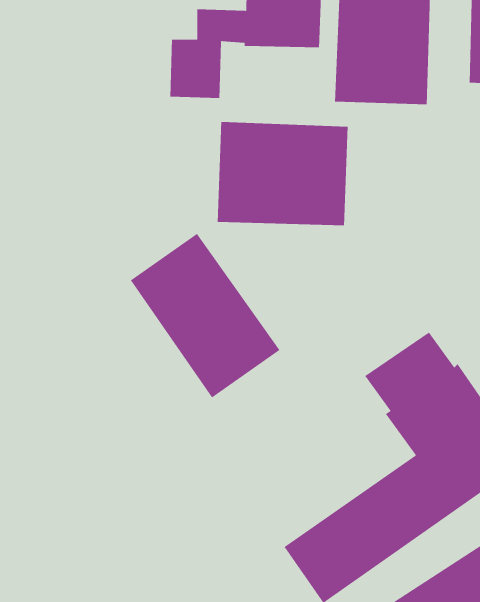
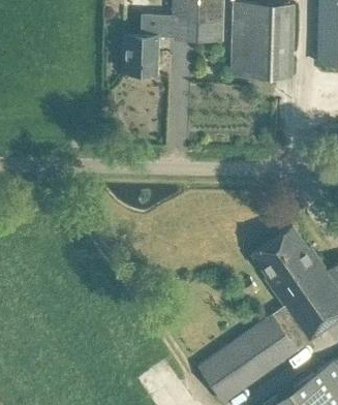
building: [217,121,348,226] -> none
building: [130,233,281,398] -> none

